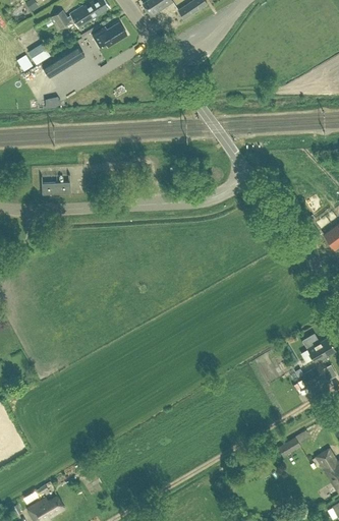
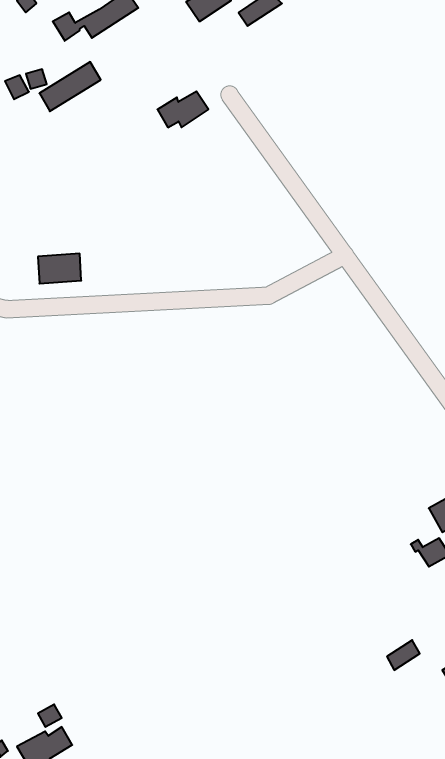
building: [93,22,127,47] -> [157,91,208,127]

